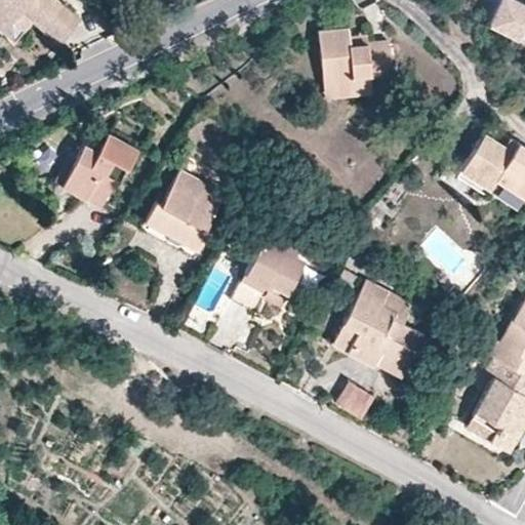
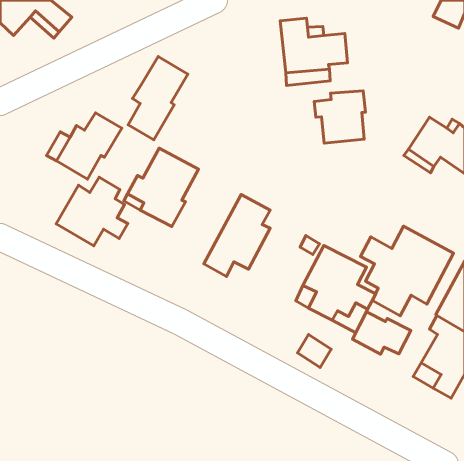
building: none -> [128,57,188,140]
building: none -> [314,91,365,143]
building: none -> [56,177,128,246]
building: none -> [360,226,454,316]
building: none -> [352,312,411,354]

